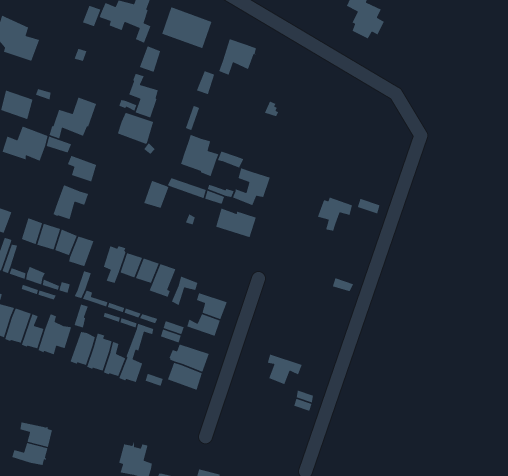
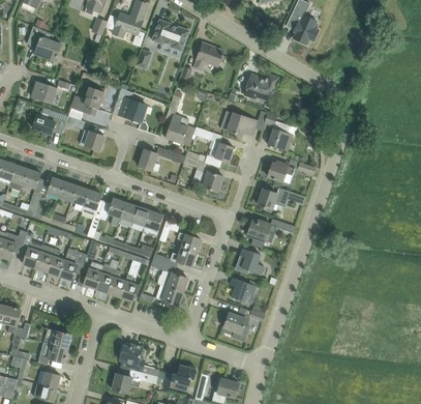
building: [128,73,159,118] -> none
building: none -> [244,74,278,98]
building: none -> [219,110,258,136]
building: none -> [264,113,292,151]
building: [53,184,89,220] -> none
building: none -> [258,186,304,211]
building: none -> [247,220,276,248]
building: none -> [235,248,264,273]
building: none -> [223,312,248,341]

